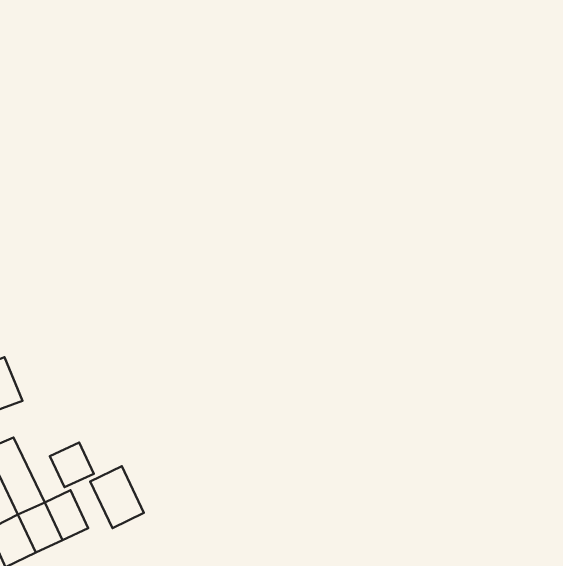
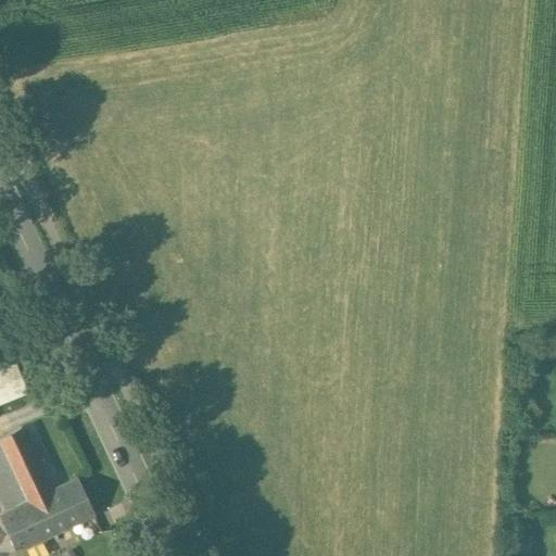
building: [50,442,94,487] -> none
building: [90,466,144,528] -> none

